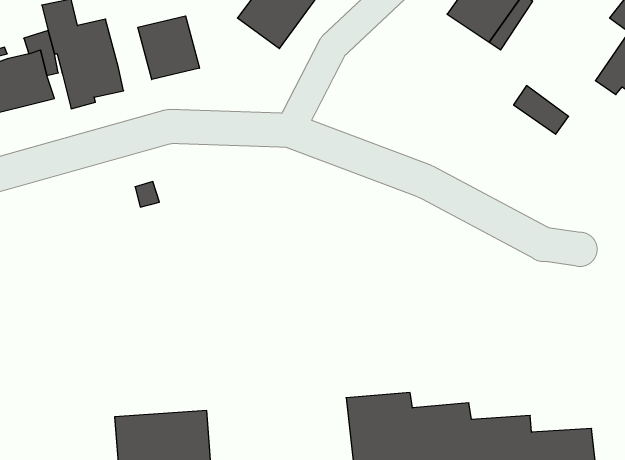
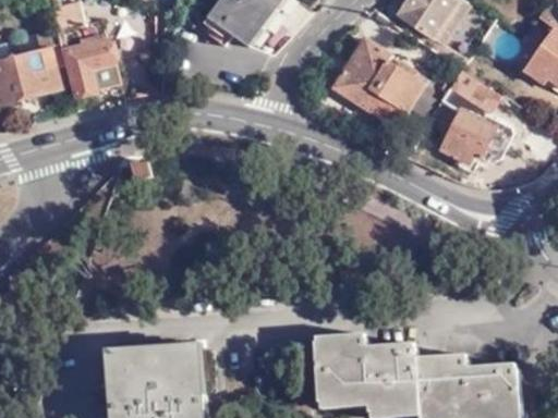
building: [138,16,199,80] -> none
building: none -> [333,39,425,126]
building: none -> [440,109,497,164]

